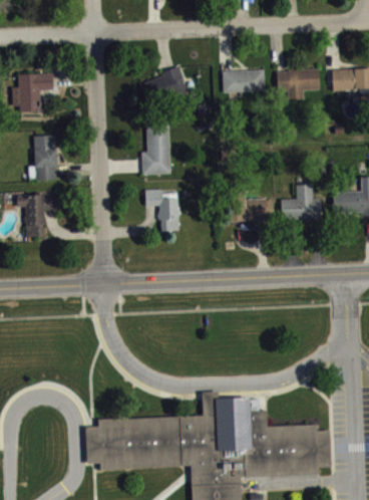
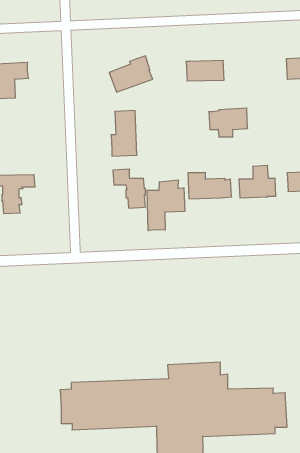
building: [277,69,319,100] -> [209,108,248,137]
building: [28,136,57,182] -> none
building: none -> [147,180,185,231]

